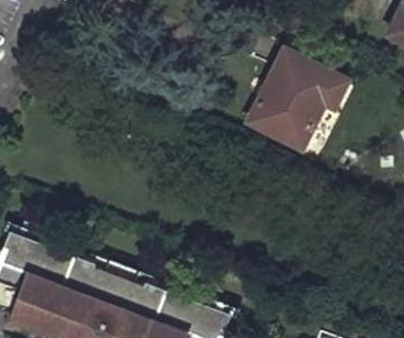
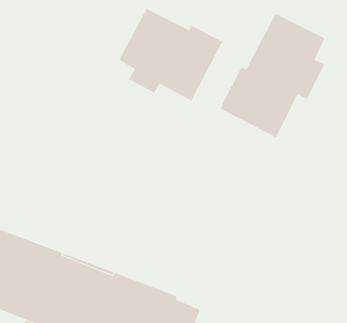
building: none -> [119,8,223,102]

